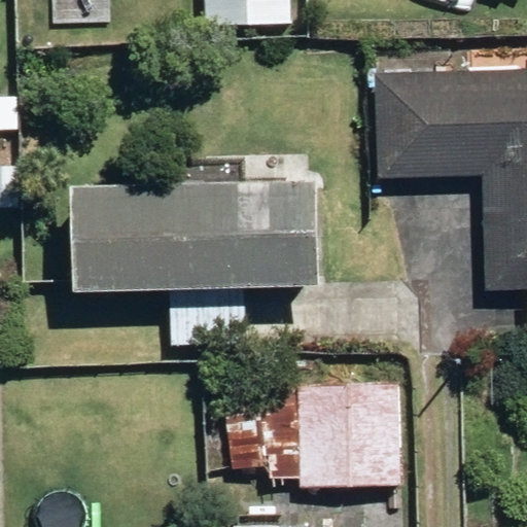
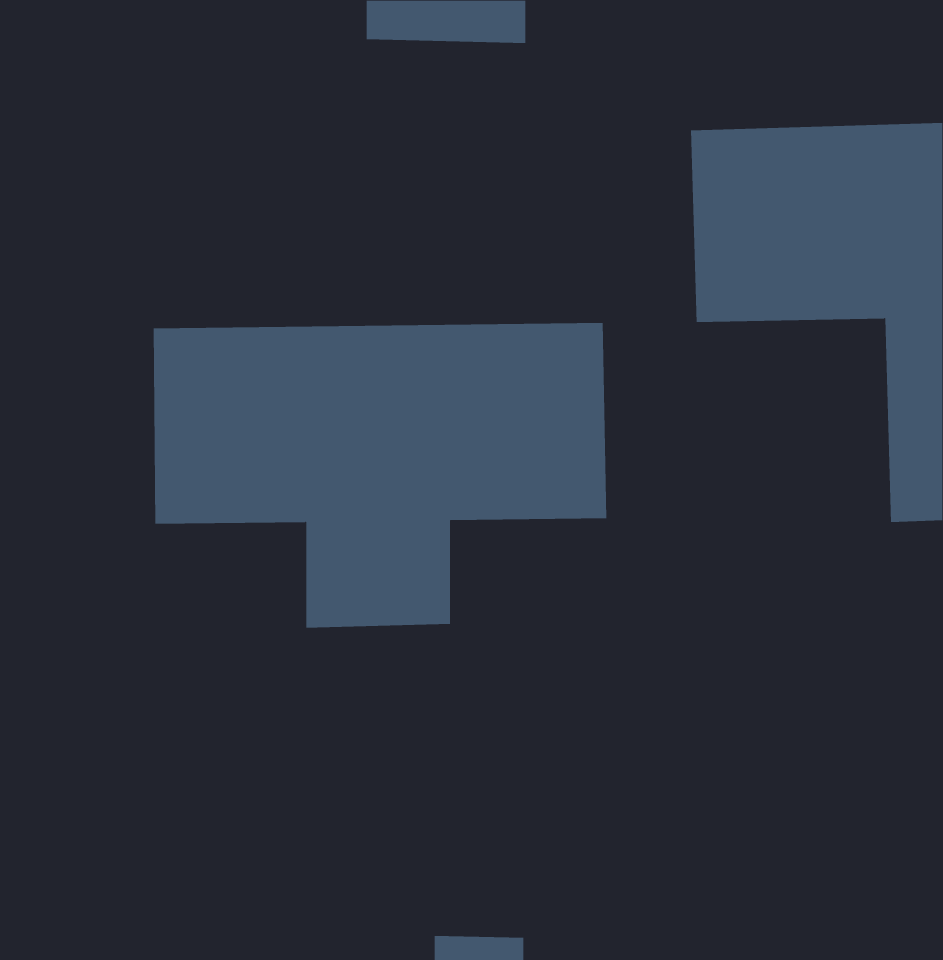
building: [226,380,401,486] -> none

